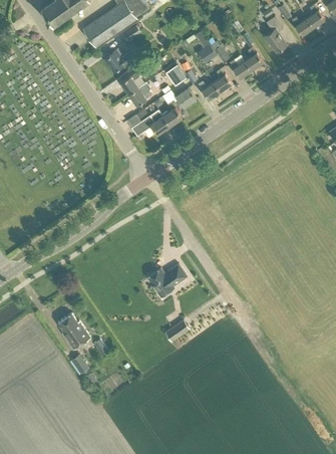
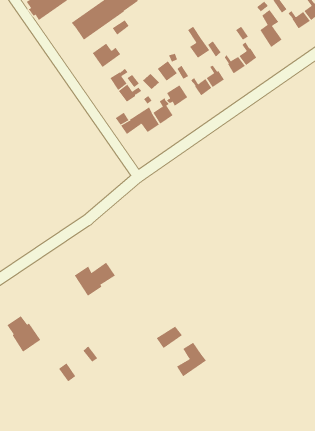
building: [146,264,187,297] -> [74,262,116,296]
building: [58,313,91,349] -> [6,316,41,352]
building: none -> [176,342,207,377]

